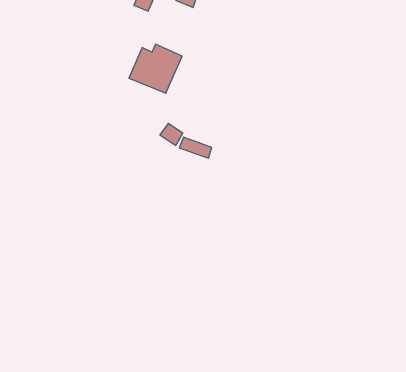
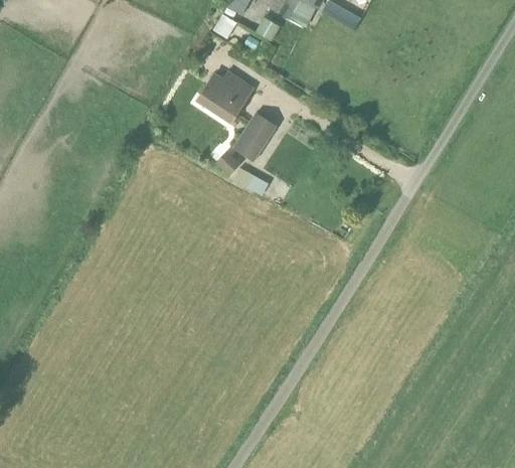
building: none -> [233,112,278,161]

